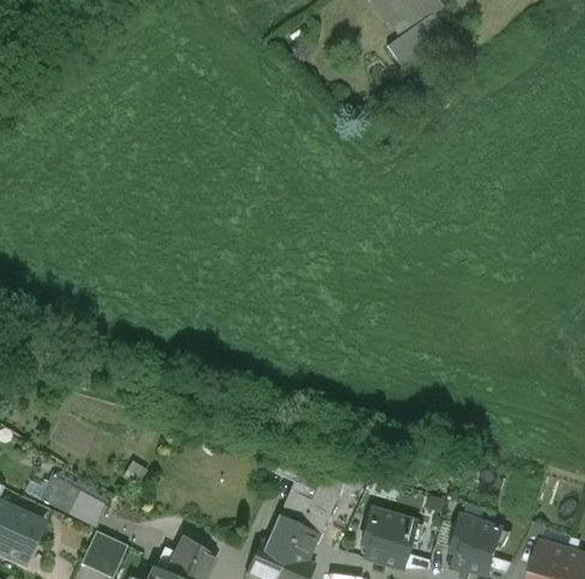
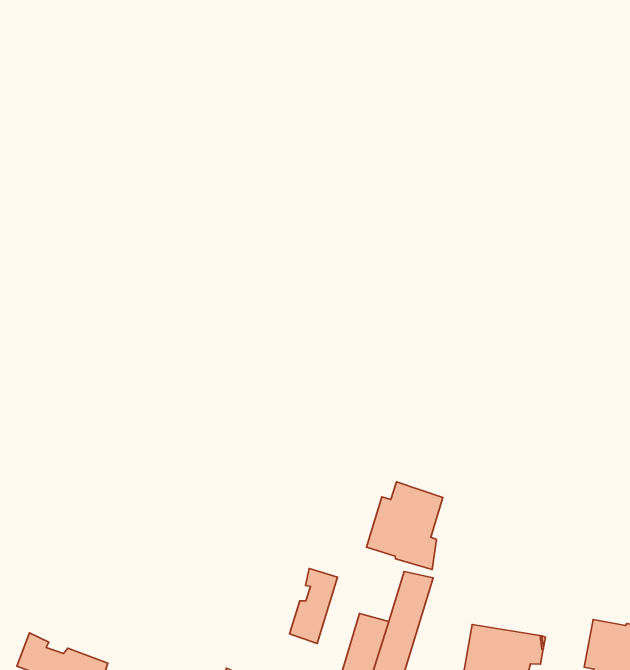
building: none -> [366,482,443,569]
building: none -> [290,568,338,643]

